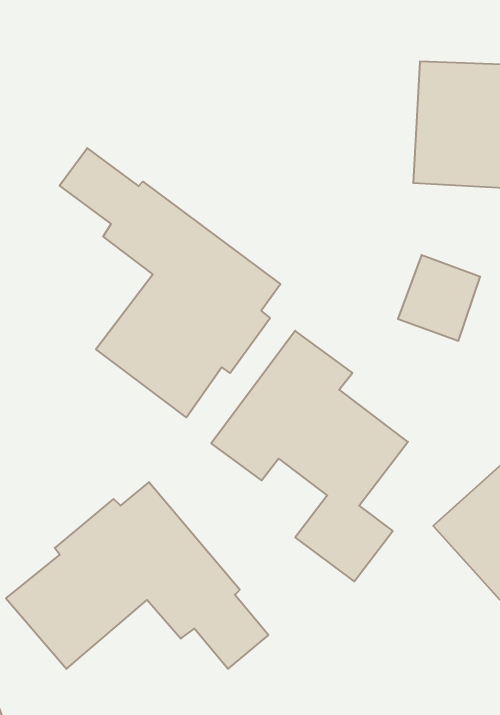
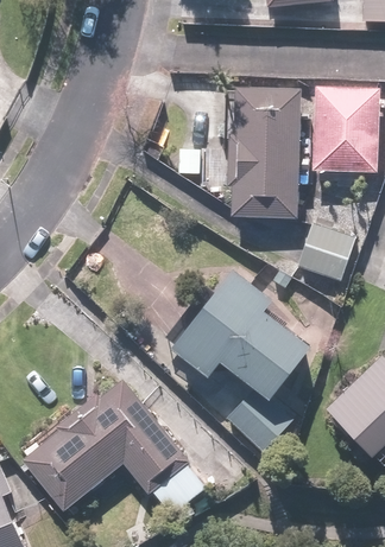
building: none -> [217,89,301,220]
building: [60,148,280,417] -> none

